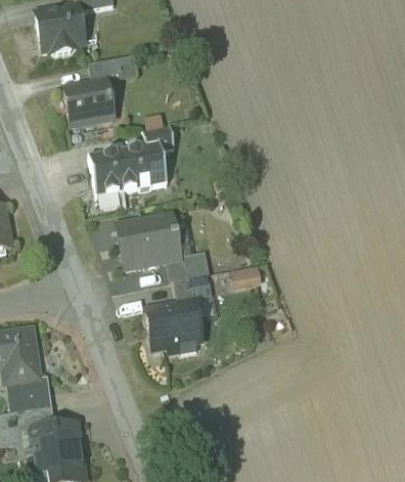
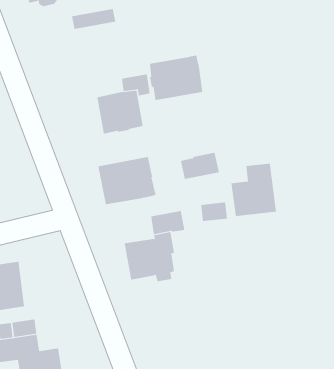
building: [63,78,114,124] -> none
building: none -> [148,55,203,101]
building: [88,149,123,195] -> none
building: none -> [231,163,276,217]
building: [167,250,210,279] -> [180,152,220,180]

